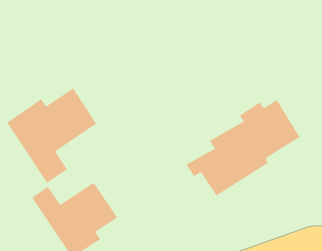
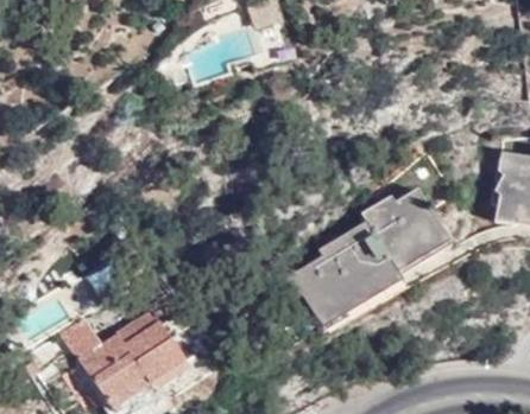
building: [6,87,97,184] -> none

